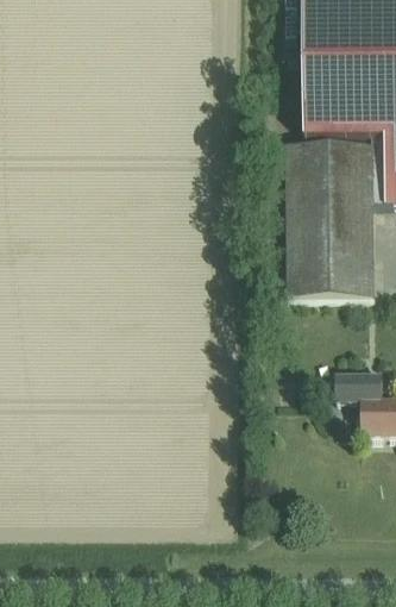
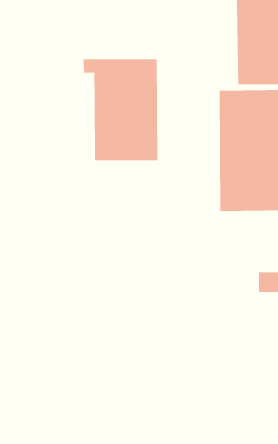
building: none -> [83,58,158,161]

